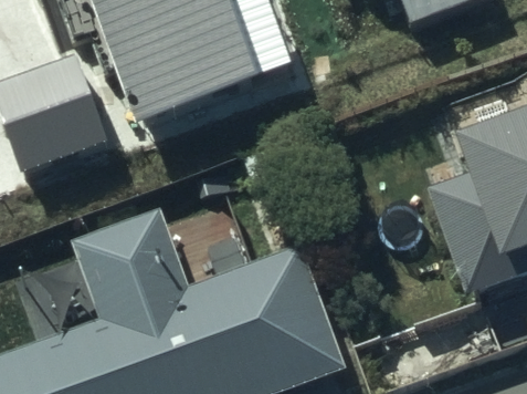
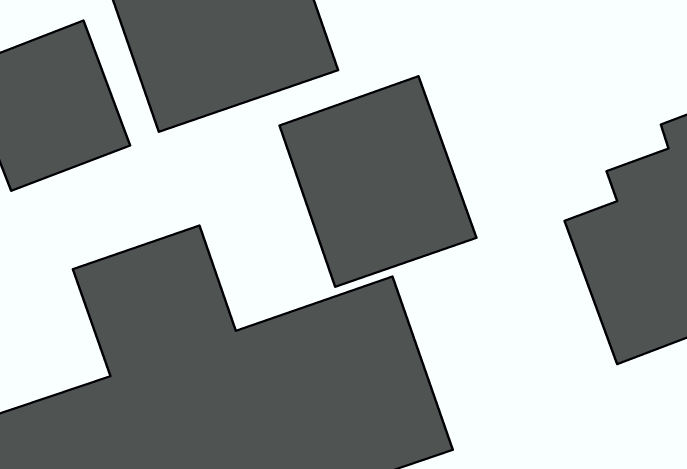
building: none -> [279,76,477,287]

